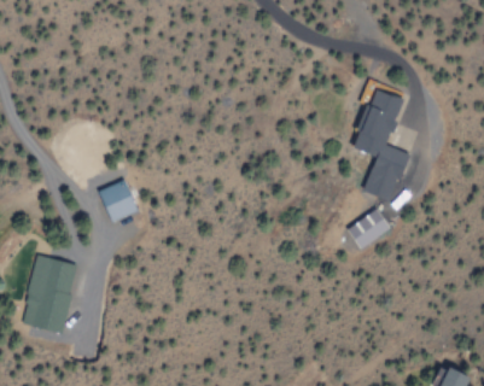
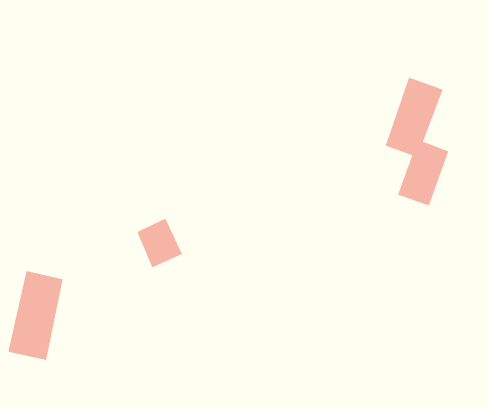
building: [98,179,138,222] -> [137,218,183,268]
building: [351,206,393,246] -> none

